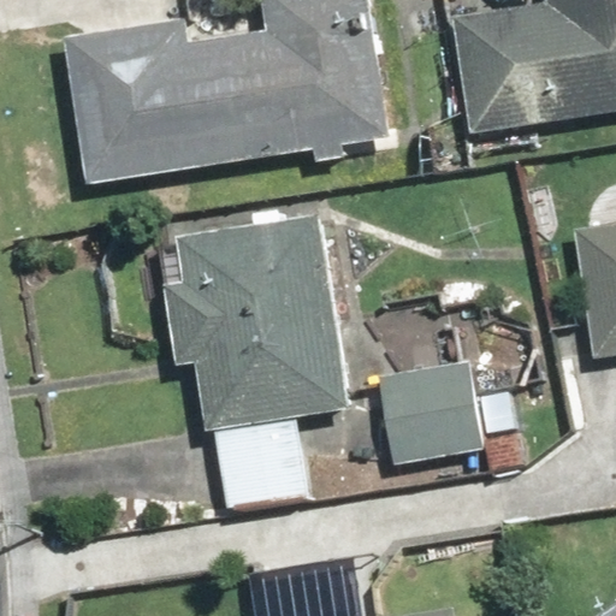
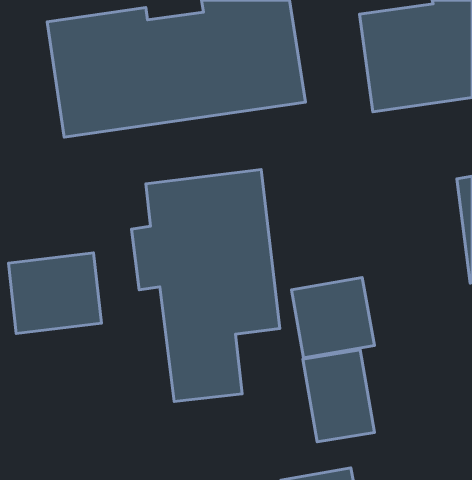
building: none -> [8,253,101,333]
building: none -> [303,350,374,442]

